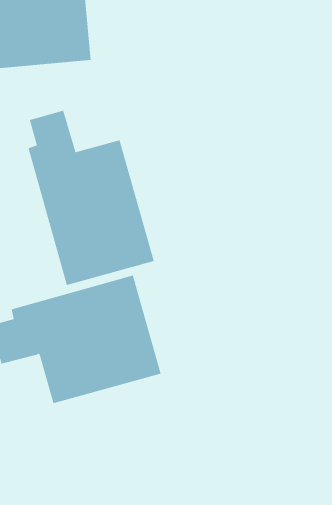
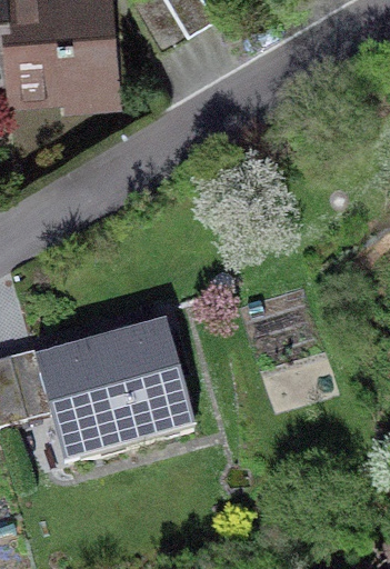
building: [28,110,154,286] -> none

